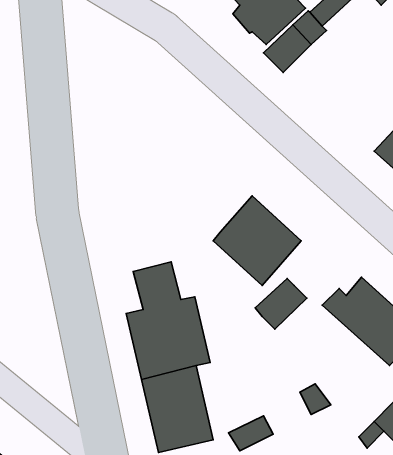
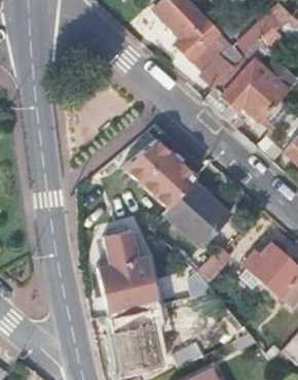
building: none -> [222,61,286,119]
building: none -> [126,138,196,207]

